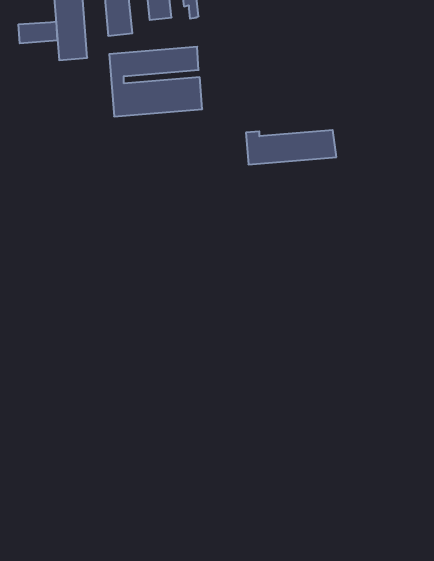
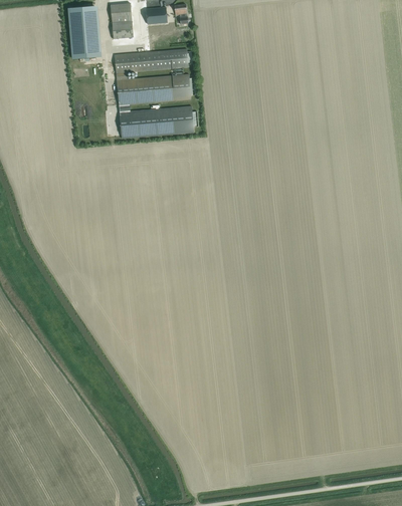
building: [19,21,57,43] -> none
building: [246,130,336,164] -> [120,103,194,132]

